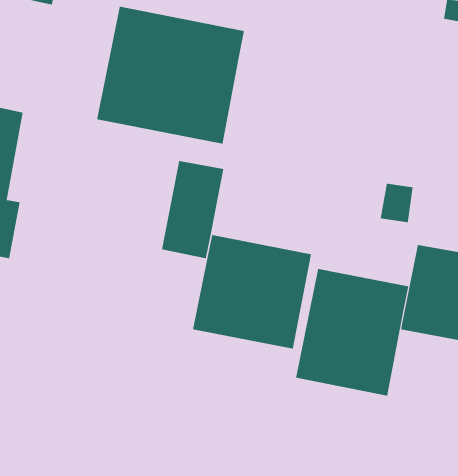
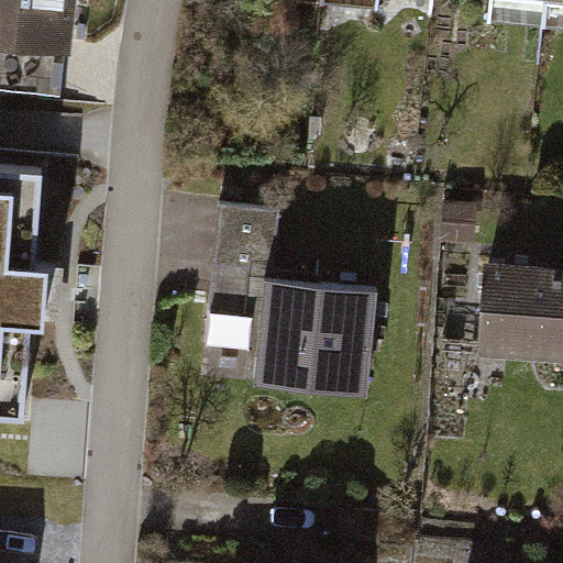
building: [96,6,245,144] -> none
building: [296,268,409,396] -> none

